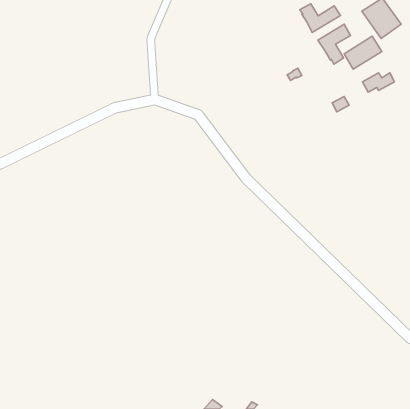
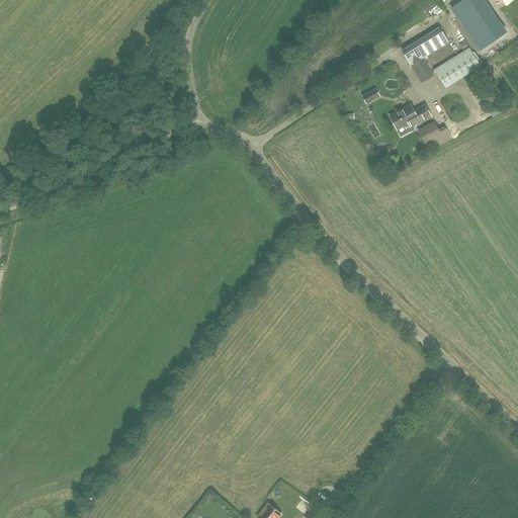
building: [300,4,340,33] -> none
building: [362,73,395,92] -> [390,103,430,127]

